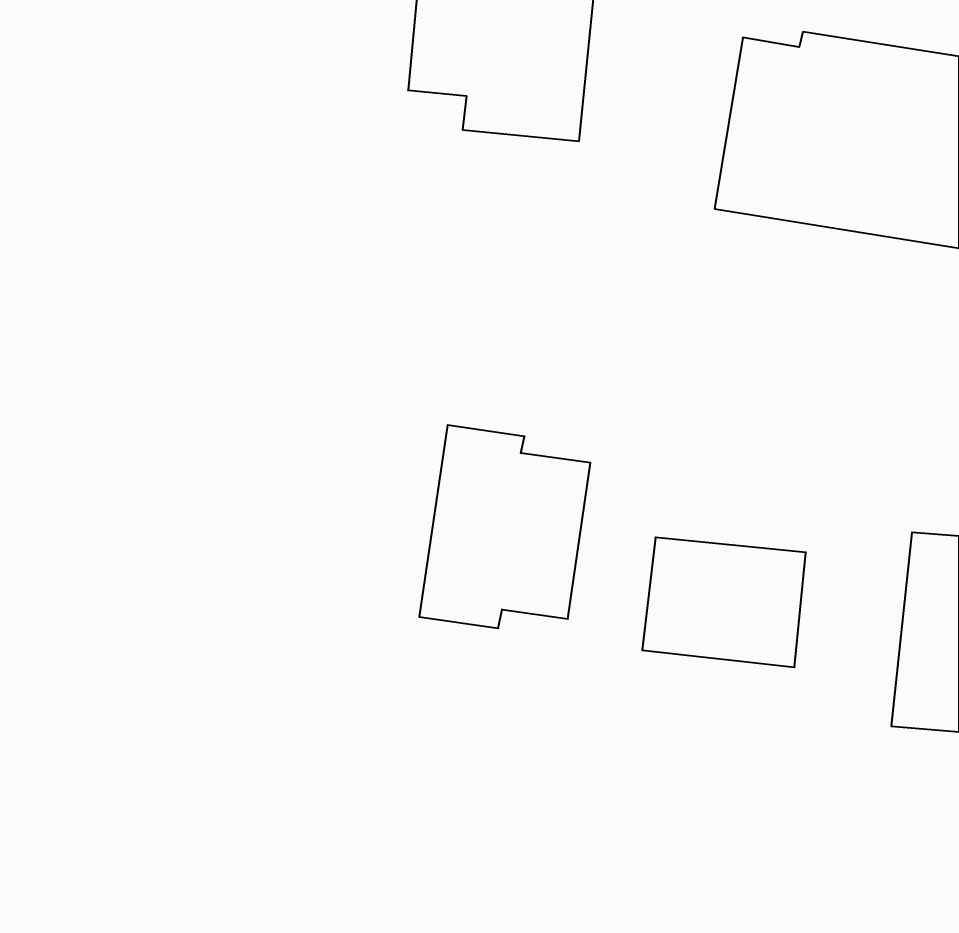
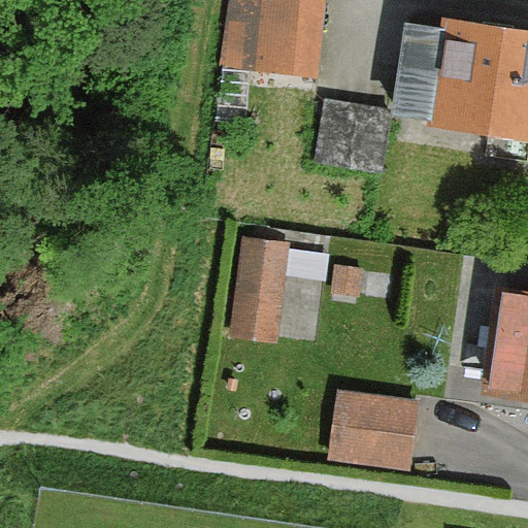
building: none -> [314,101,382,168]
building: [642,537,806,667] -> [329,393,419,464]

